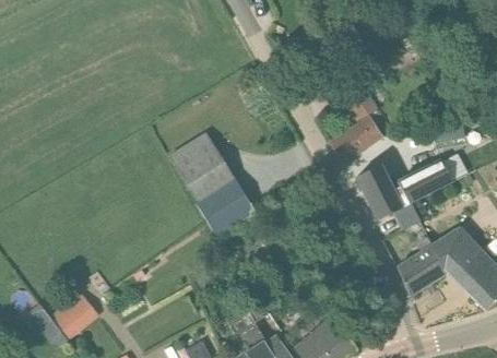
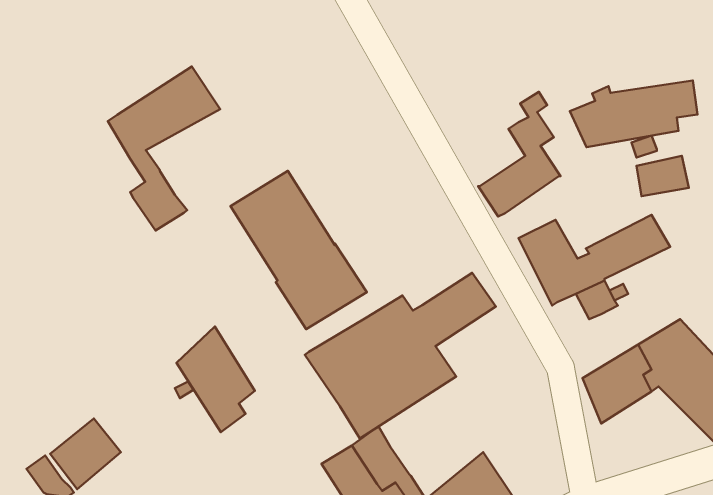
building: none -> [108,67,220,230]
building: none -> [570,81,697,147]
building: none -> [305,273,496,439]
building: none -> [176,327,255,432]

